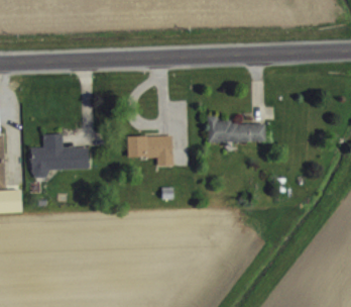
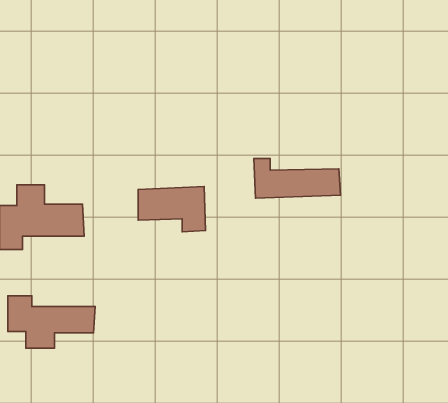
building: none -> [8,296,95,348]

